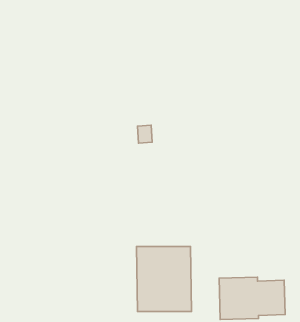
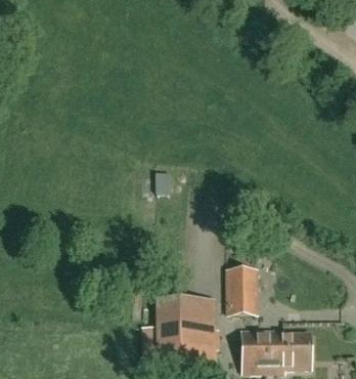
building: none -> [228,267,257,312]

